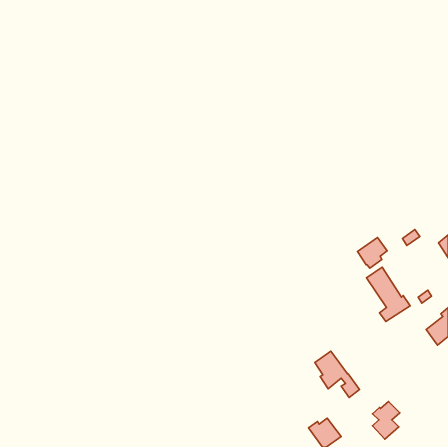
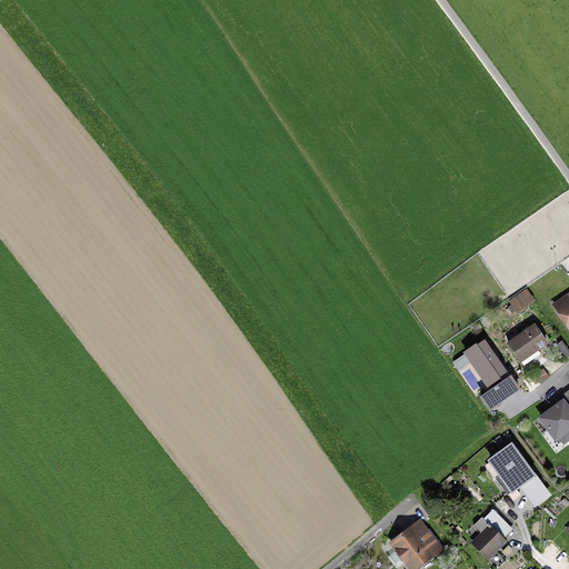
building: [357,238,387,268] -> [508,326,546,365]
building: [315,351,360,397] -> [490,446,547,505]

